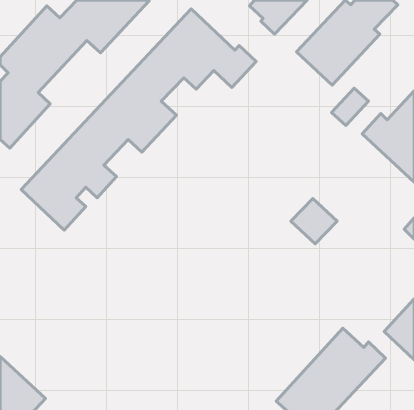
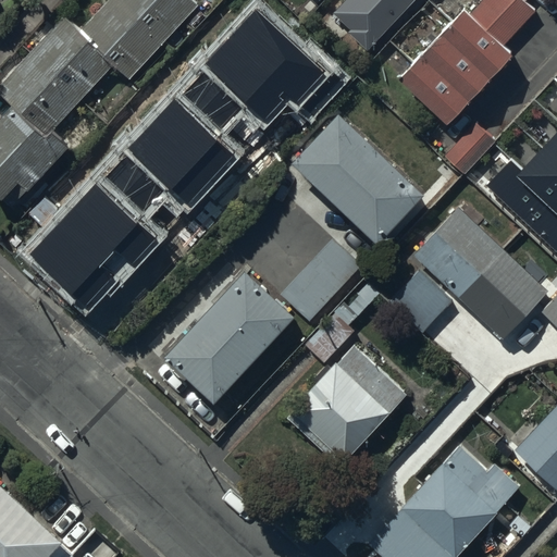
building: none -> [290,110,424,240]
building: none -> [413,207,549,339]
building: none -> [282,240,361,321]
building: none -> [165,269,295,400]
building: none -> [288,345,407,466]

